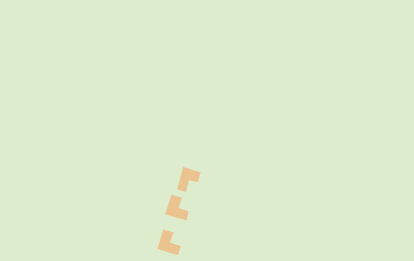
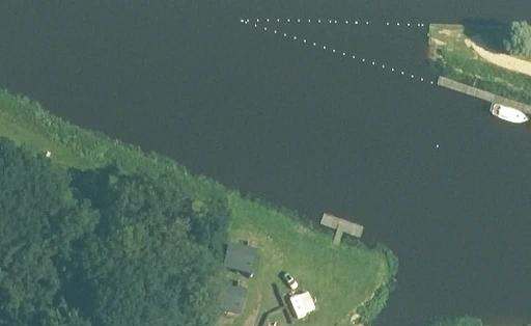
building: [176,166,201,193] -> none

